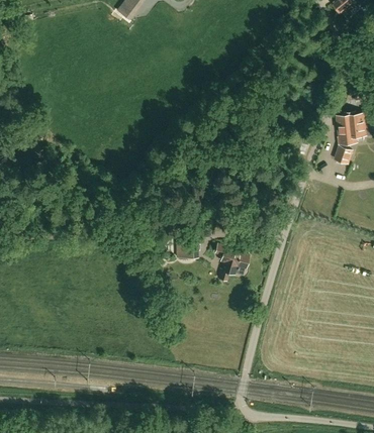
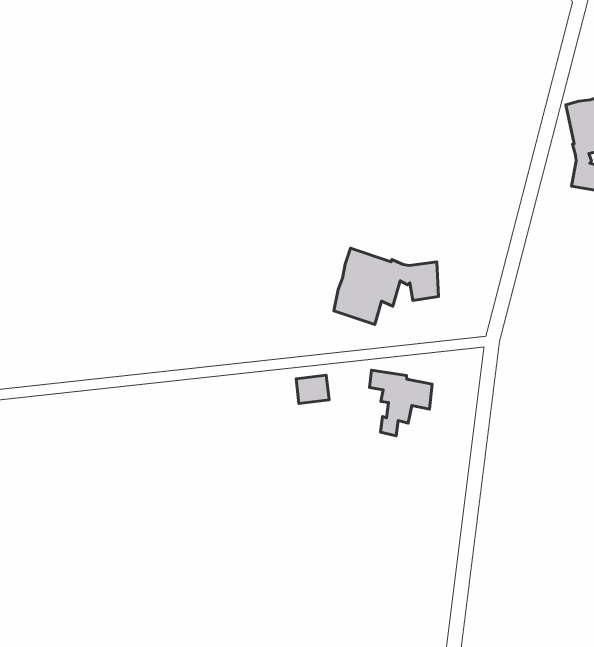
building: none -> [334,248,438,324]

